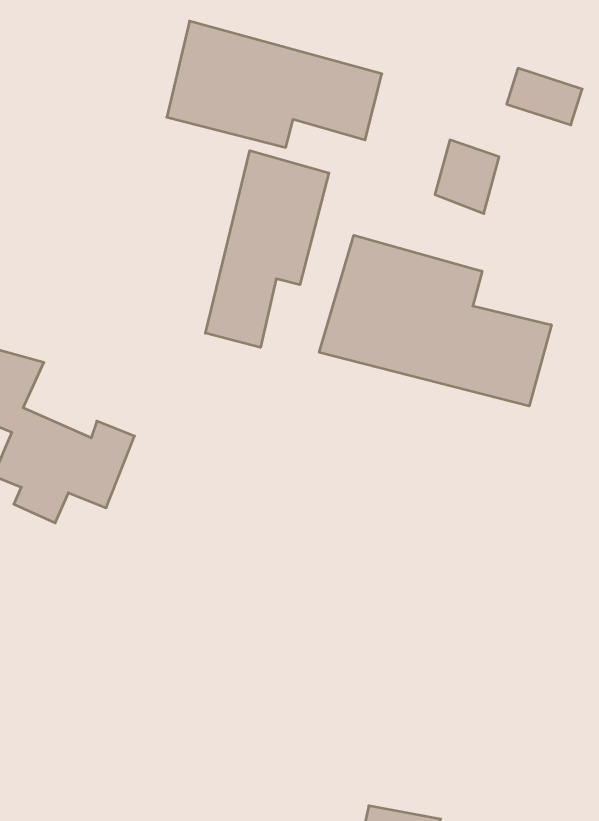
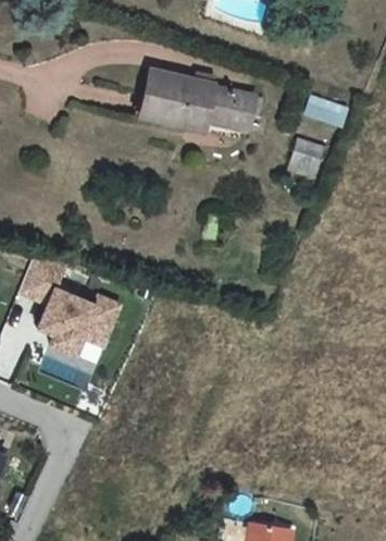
building: [205,151,329,347] -> none
building: [319,235,551,406] -> none

